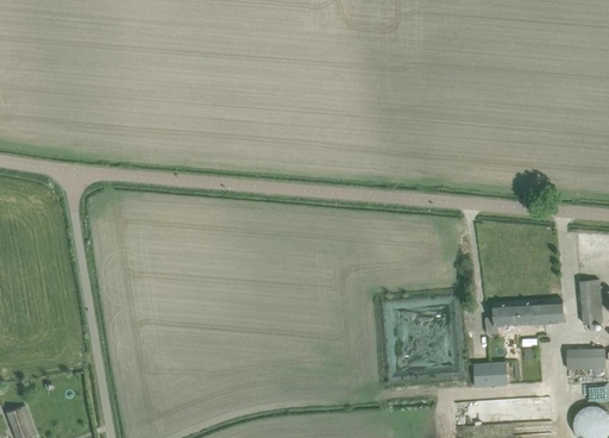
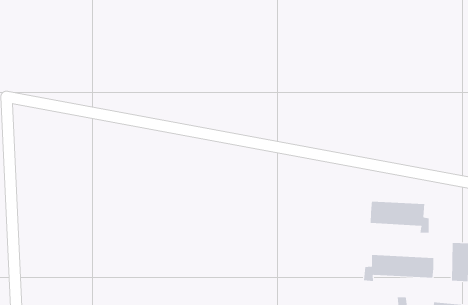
building: none -> [370,201,429,234]

